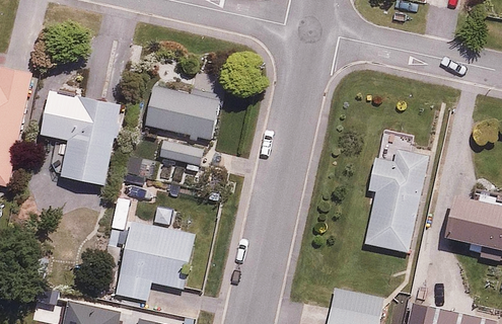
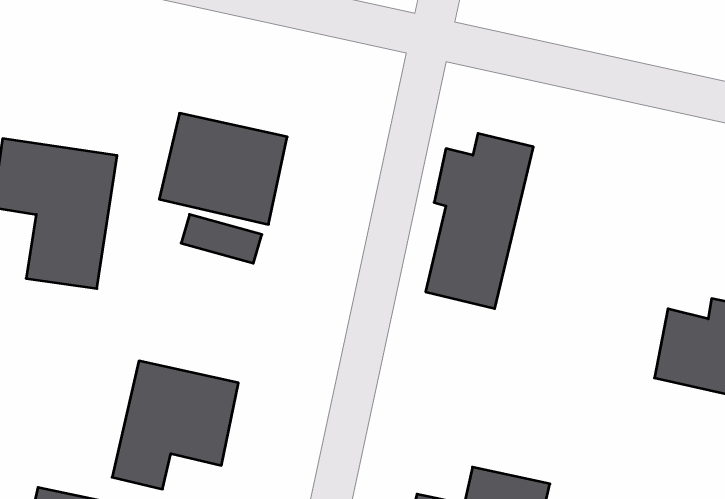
building: [363,147,428,252] -> [426,133,533,309]

